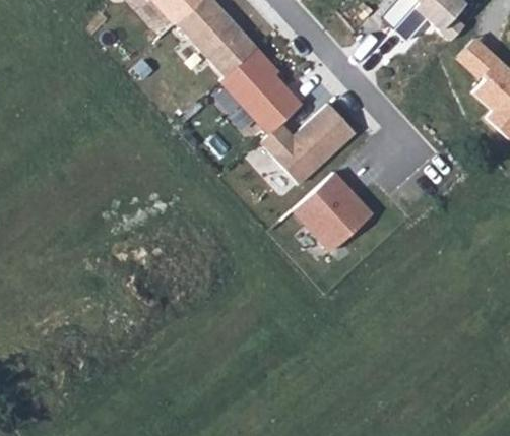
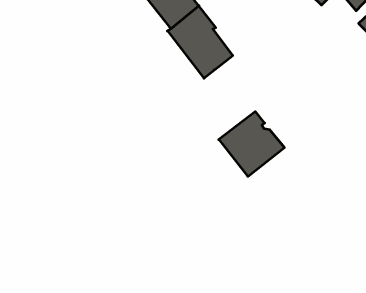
building: [260,104,356,184] -> none

